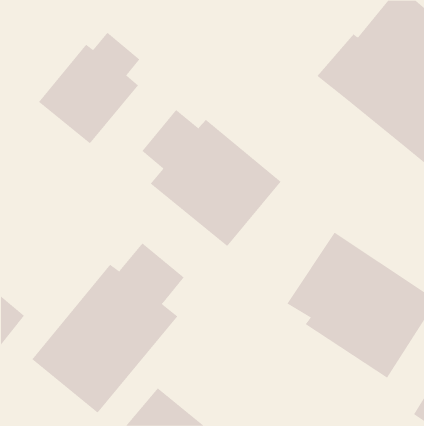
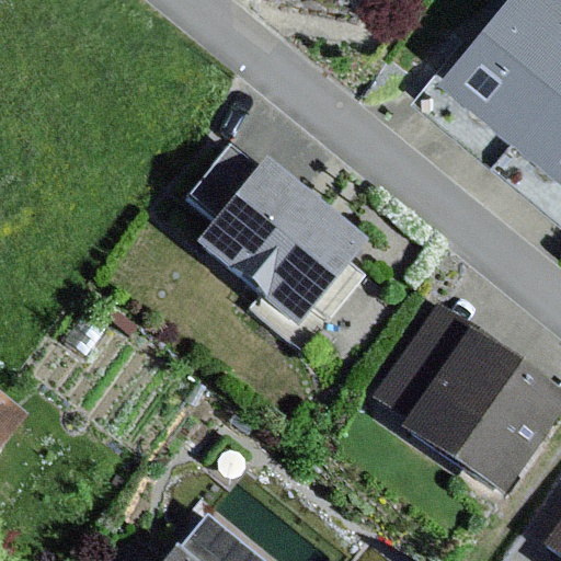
building: [38,32,140,144] -> none
building: [31,242,184,413] -> none

